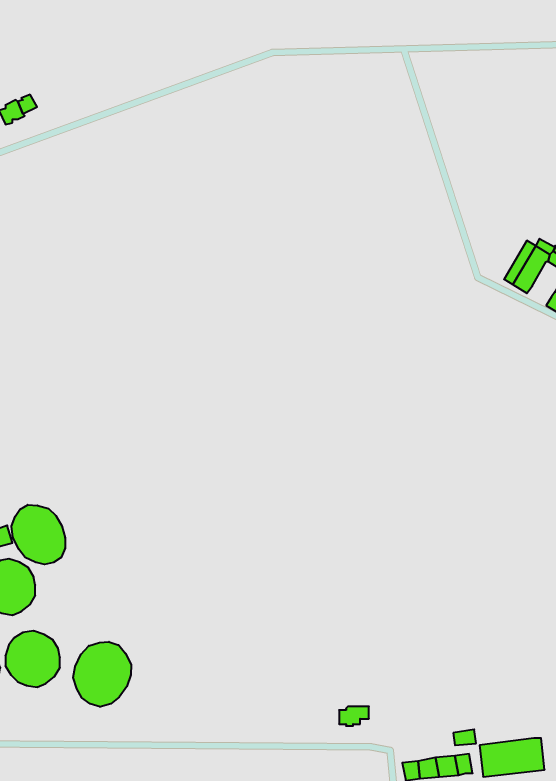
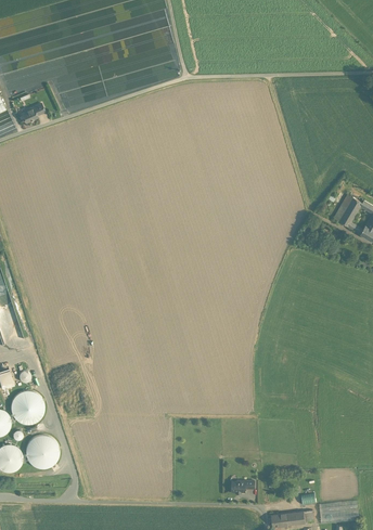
building: [11,505,65,564] -> none
building: [73,642,131,707] -> none

